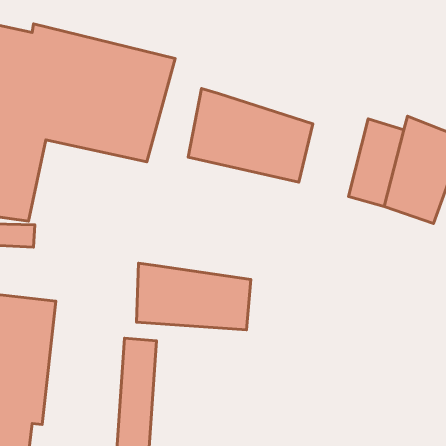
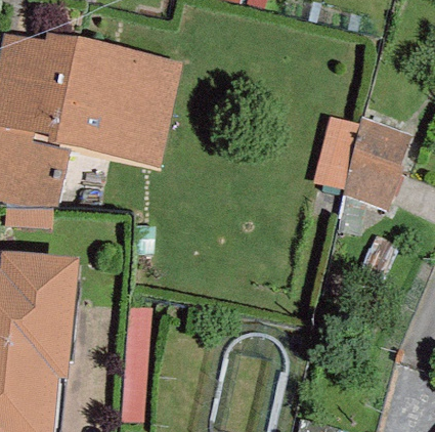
building: [188,88,313,182] -> none
building: [136,263,251,330] -> none

